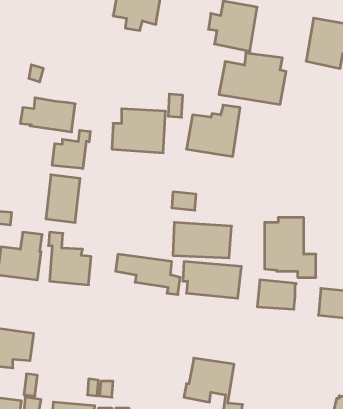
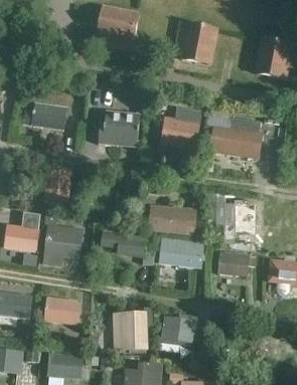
building: [219,53,286,104] -> [207,117,263,159]
building: [52,130,90,169] -> none
building: none -> [43,297,80,324]
building: none -> [116,311,148,350]

